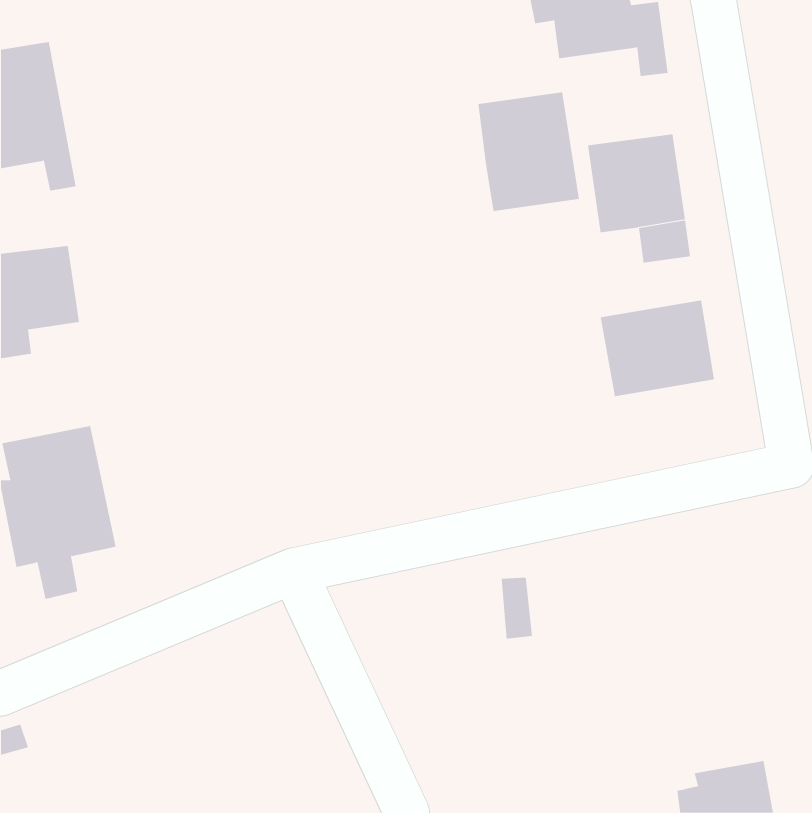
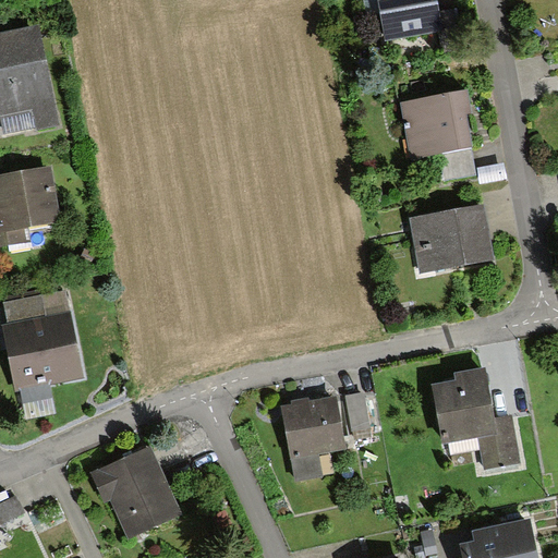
building: [478,92,579,212] -> none
building: none -> [433,371,517,466]
building: none -> [284,395,341,476]
building: none -> [96,449,177,536]

